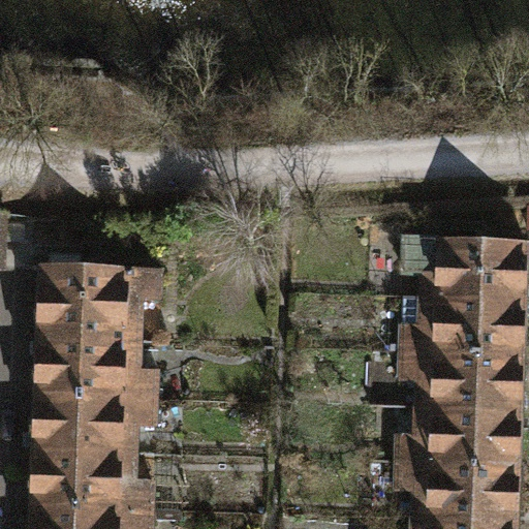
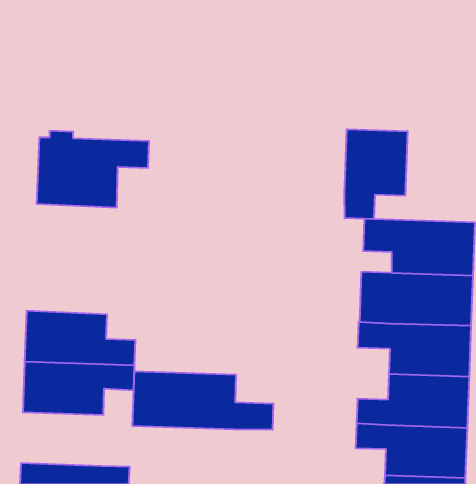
building: none -> [345,129,407,219]
building: [38,259,161,343] -> [36,131,149,207]
building: none -> [133,371,273,430]
building: [32,449,152,509] -> none

